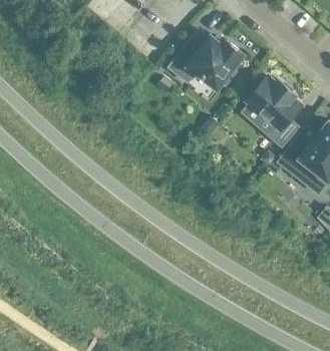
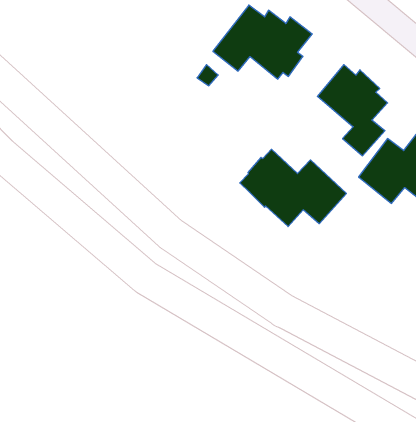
building: none -> [240,149,346,227]

